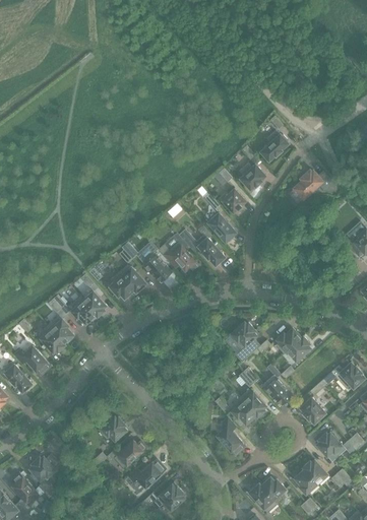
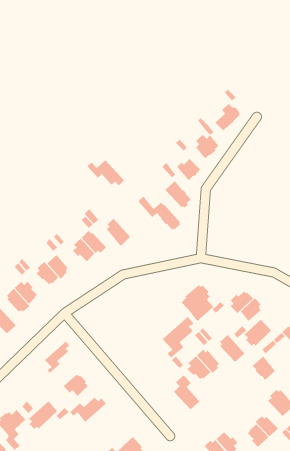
building: [289,170,330,202] -> none
building: [158,243,198,271] -> [86,159,125,186]
building: none -> [162,316,195,358]
building: none -> [244,319,272,347]
building: none -> [44,341,71,374]
building: none -> [28,401,58,430]
building: [127,459,165,488] -> none

